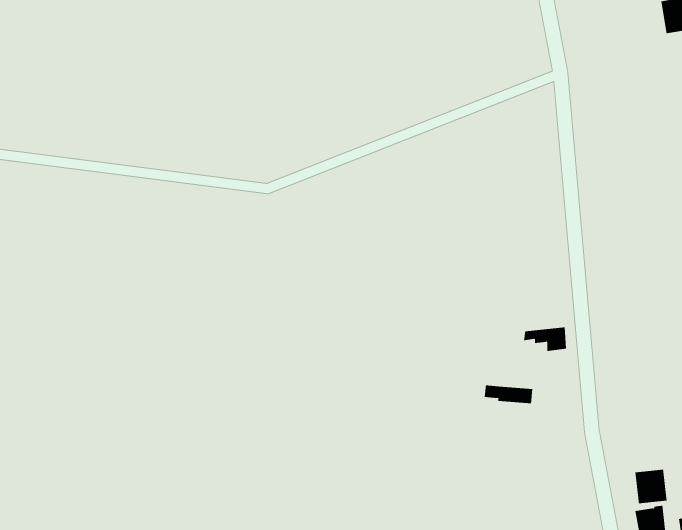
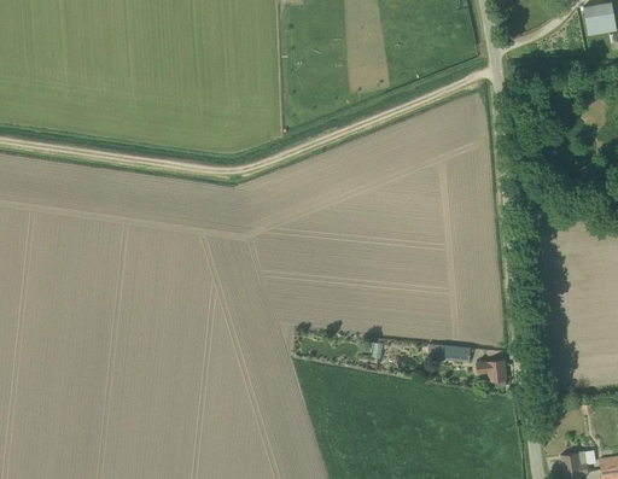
building: [523,327,567,352] -> [467,360,506,381]
building: [635,469,667,504] -> none

